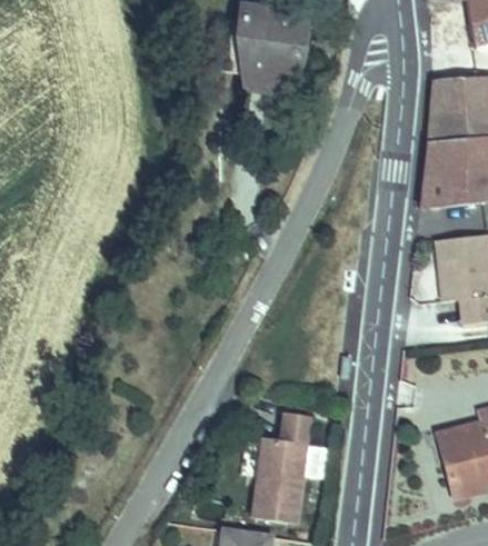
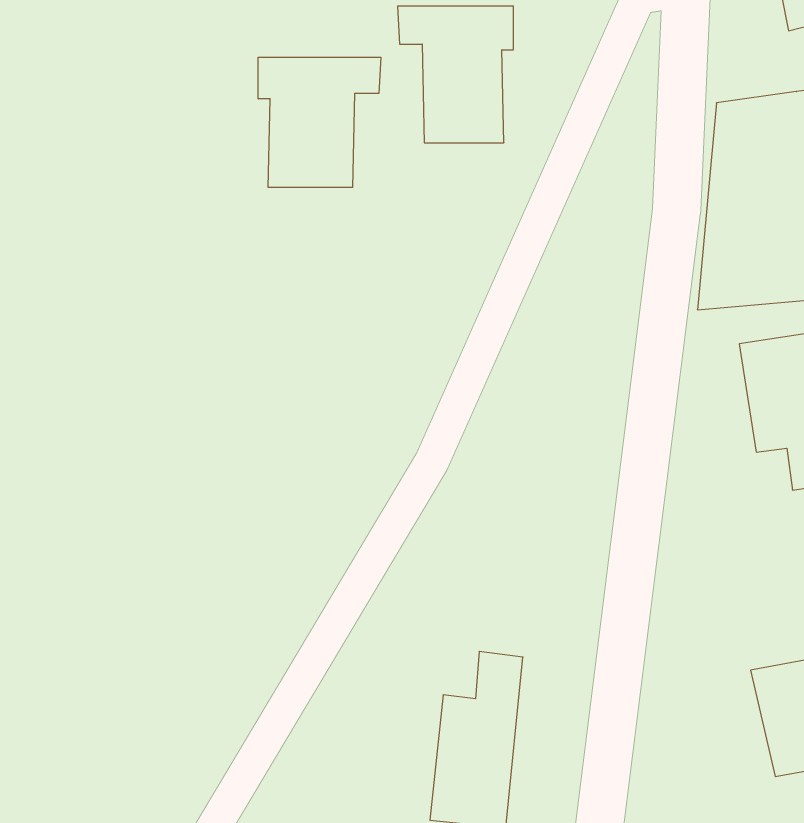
building: none -> [258,57,381,187]

